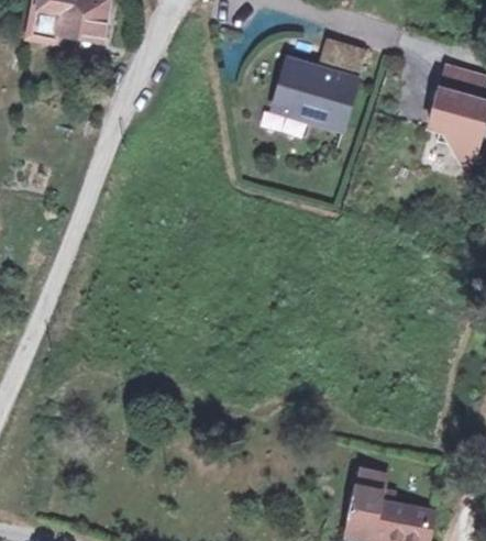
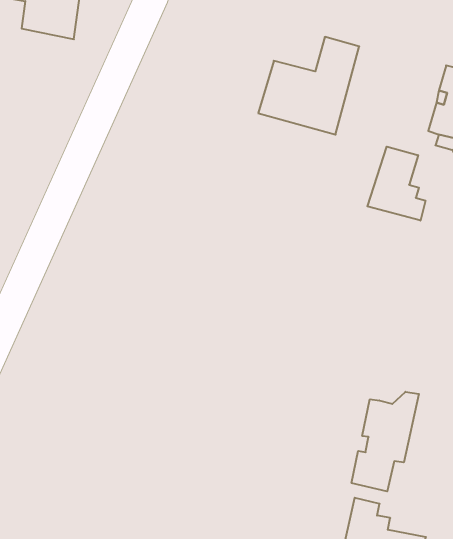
building: none -> [367,147,425,221]
building: none -> [352,392,419,491]

